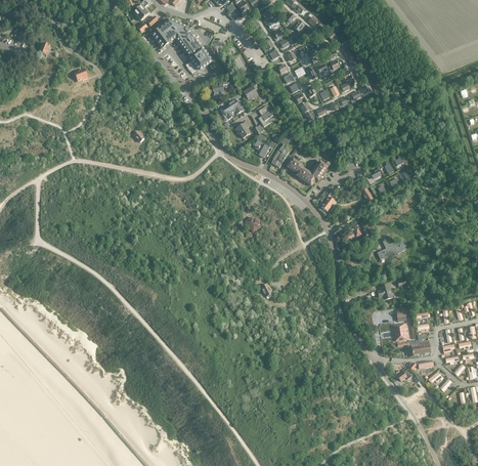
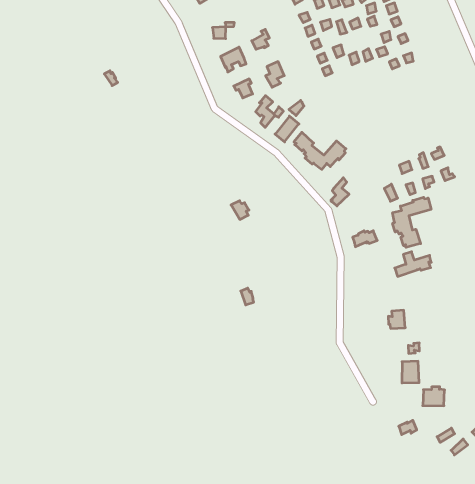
building: none -> [393,197,431,247]

